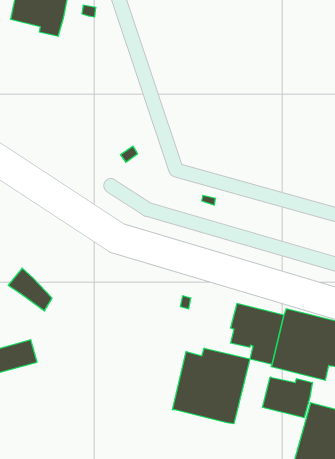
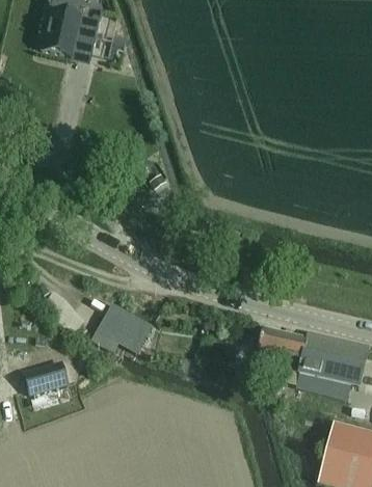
building: none -> [91,302,154,354]
building: [172,348,250,424] -> none
building: [263,377,312,418] -> none

